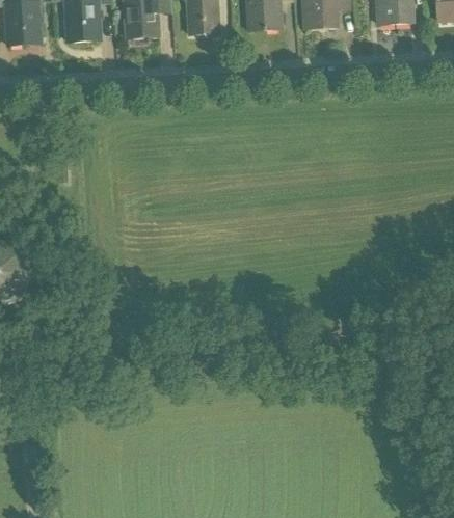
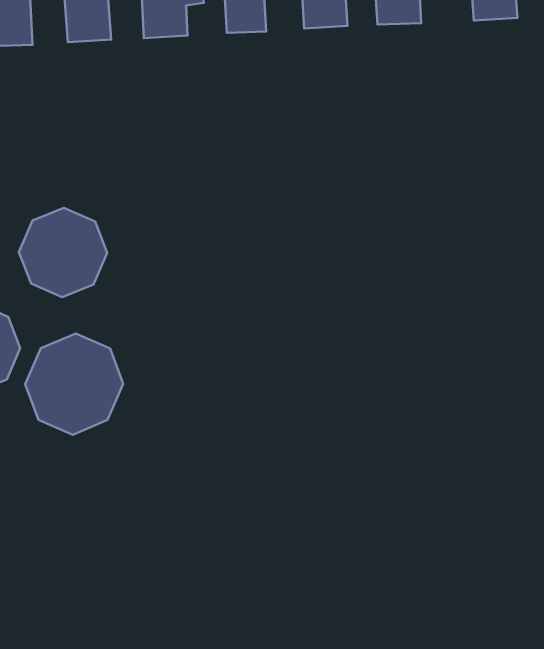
building: none -> [19,208,107,297]
building: none -> [25,333,123,435]

